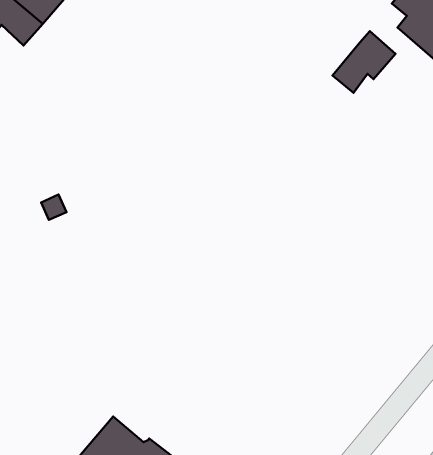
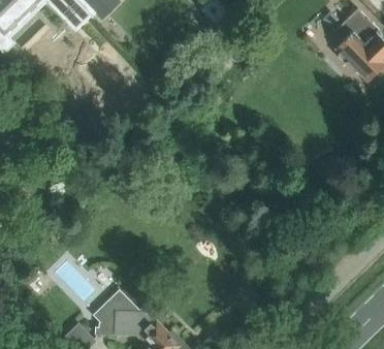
building: [332,31,396,93] -> none

